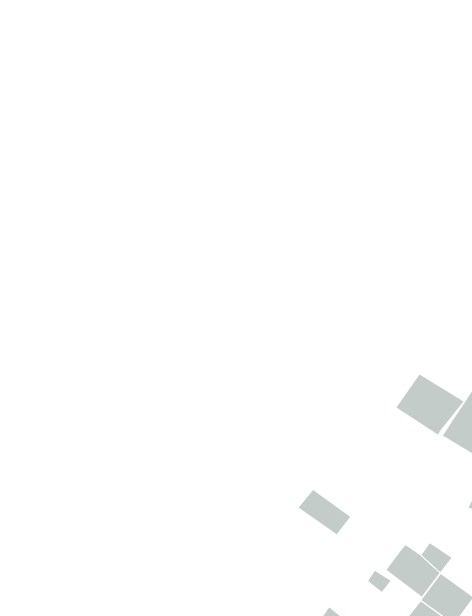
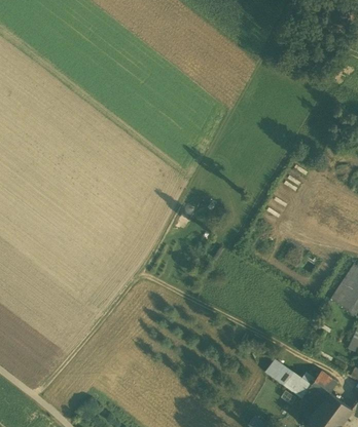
building: [396,374,465,435] -> none
building: [298,489,351,535] -> [265,359,301,390]

